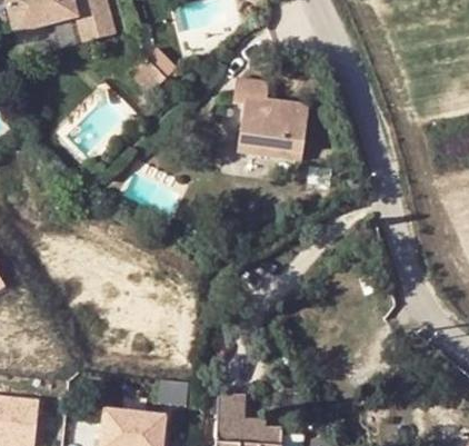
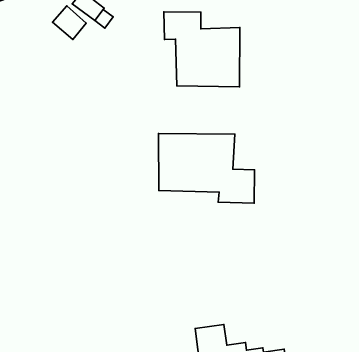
building: none -> [158,134,254,203]

